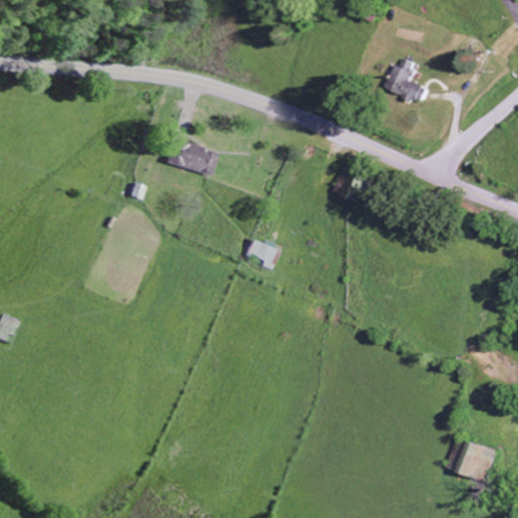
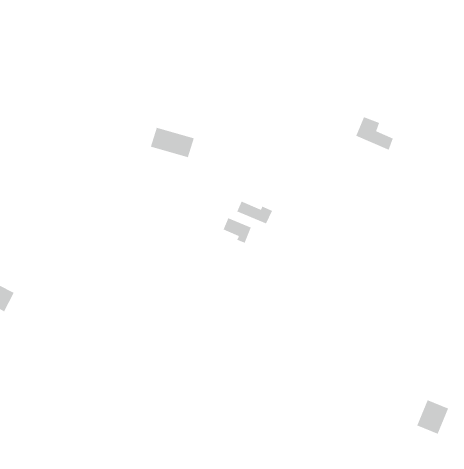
building: [384,64,427,102] -> [355,116,394,151]
building: none -> [236,200,273,225]

